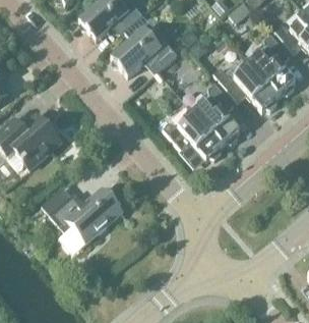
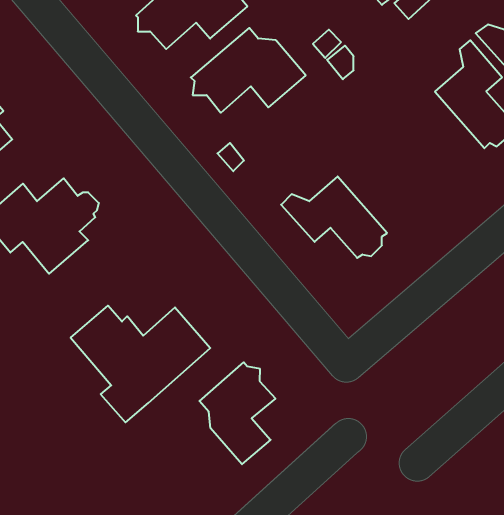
building: [213,63,280,110] -> none
building: [195,83,240,145] -> none
building: none -> [199,362,275,464]

